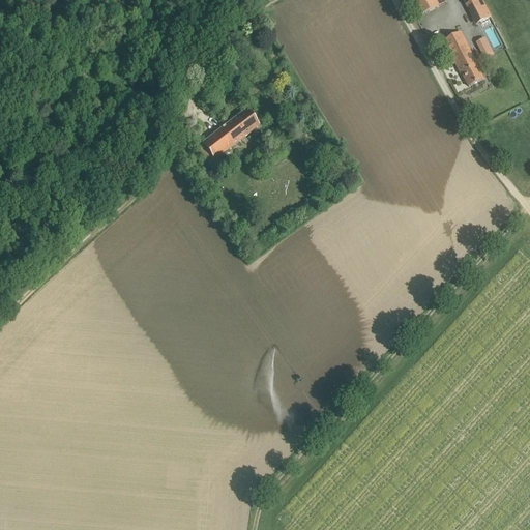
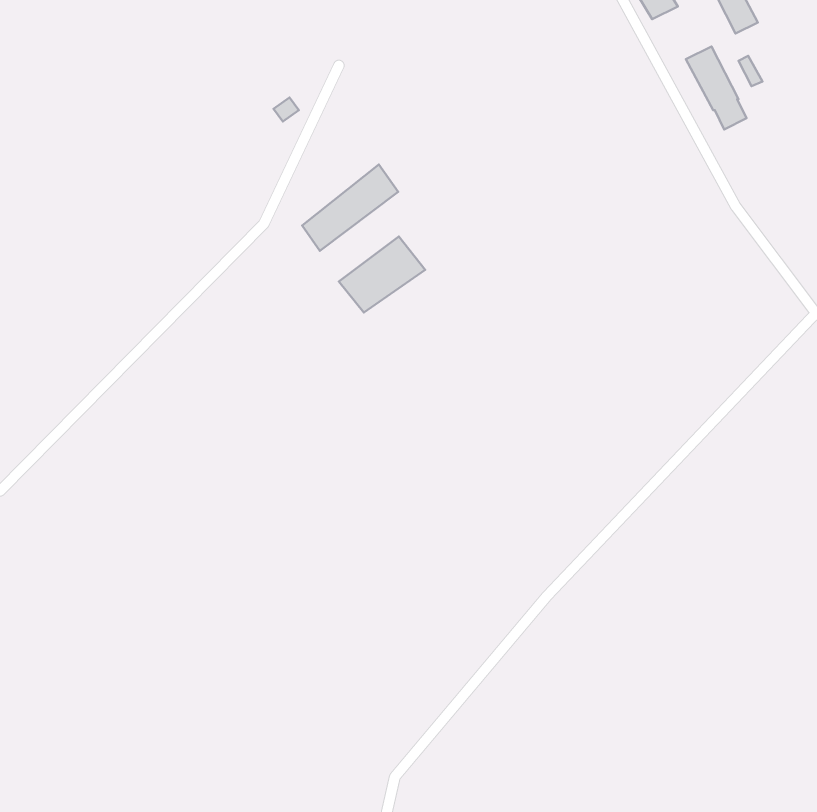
building: none -> [339,236,425,313]

